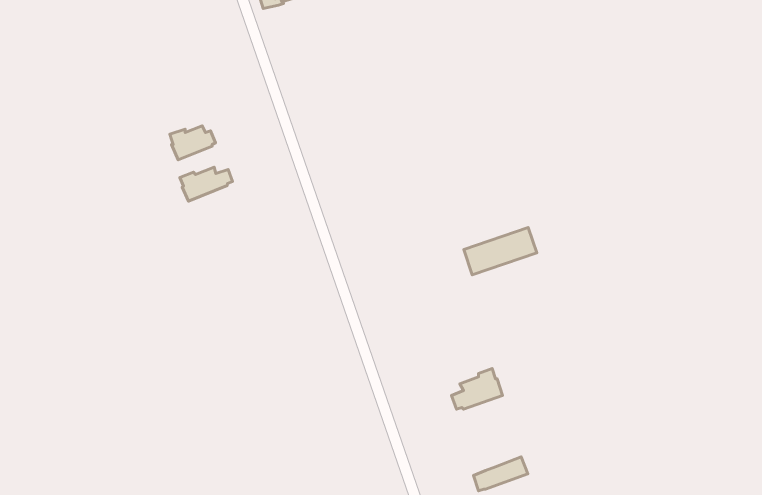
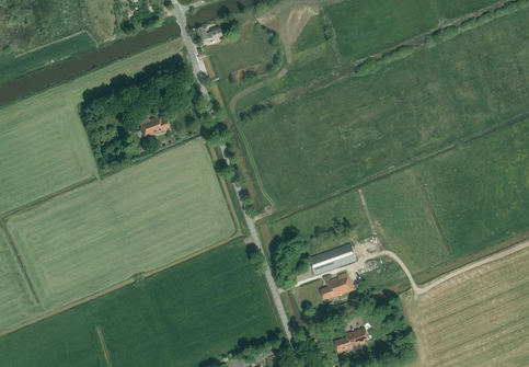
building: [180,167,232,201] -> none
building: [464,227,537,275] -> [309,244,356,275]

